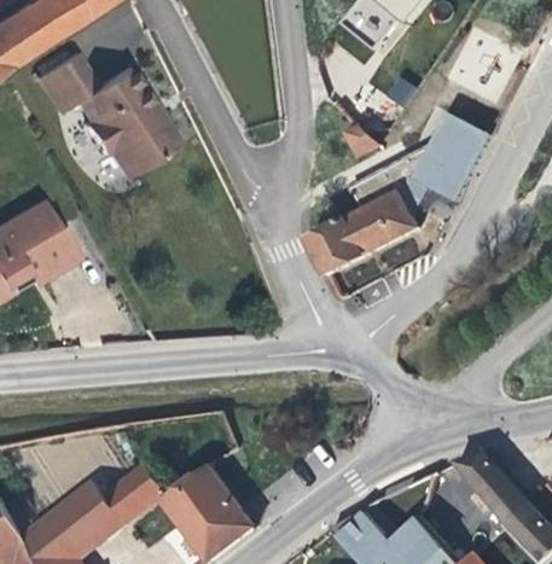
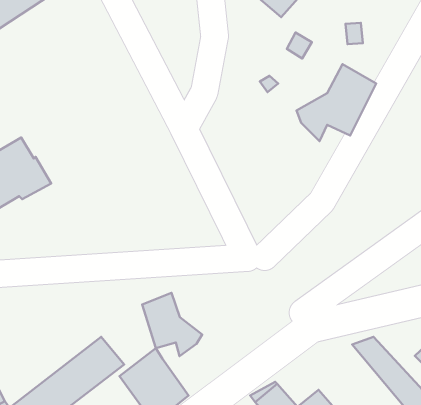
building: [40,51,179,175] -> none
building: [309,169,418,280] -> none
building: none -> [142,293,202,356]

